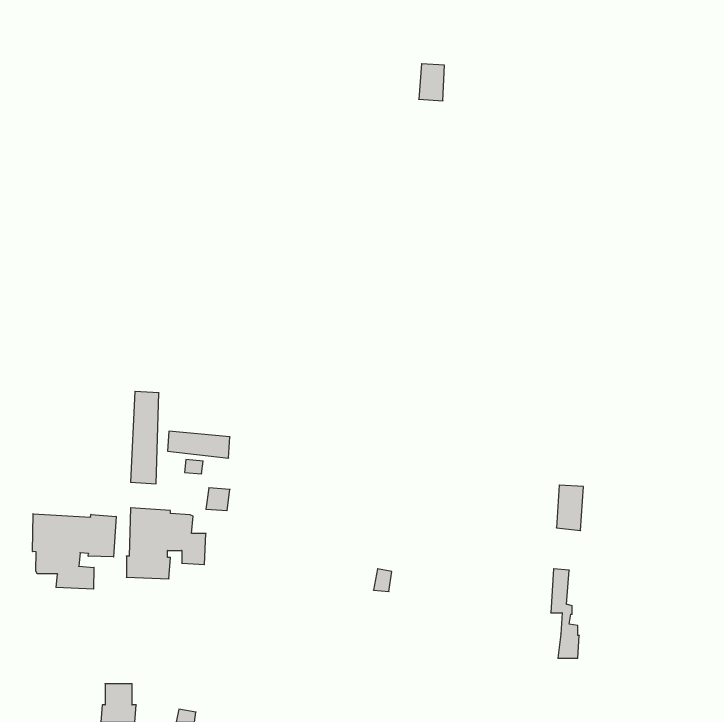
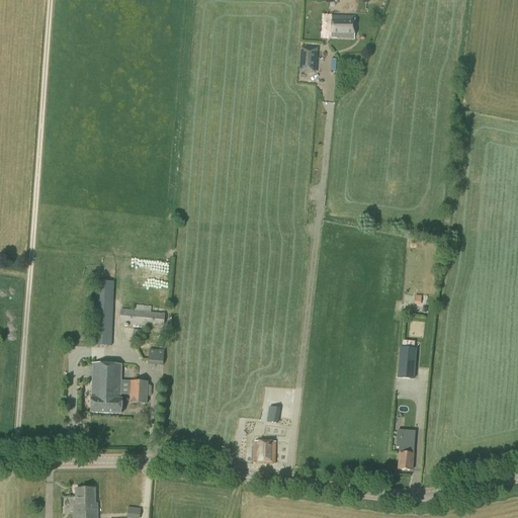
building: none -> [332,14,355,37]
building: [33,514,116,589] -> none
building: none -> [254,440,276,463]

